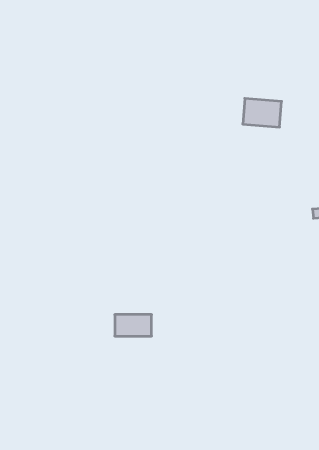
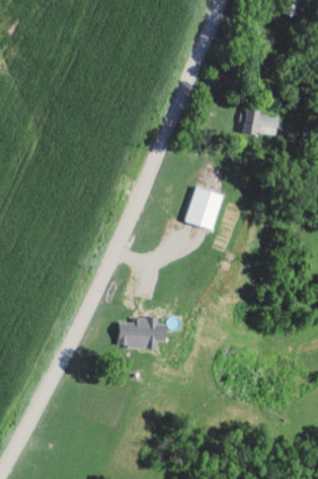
building: none -> [184,186,225,231]

